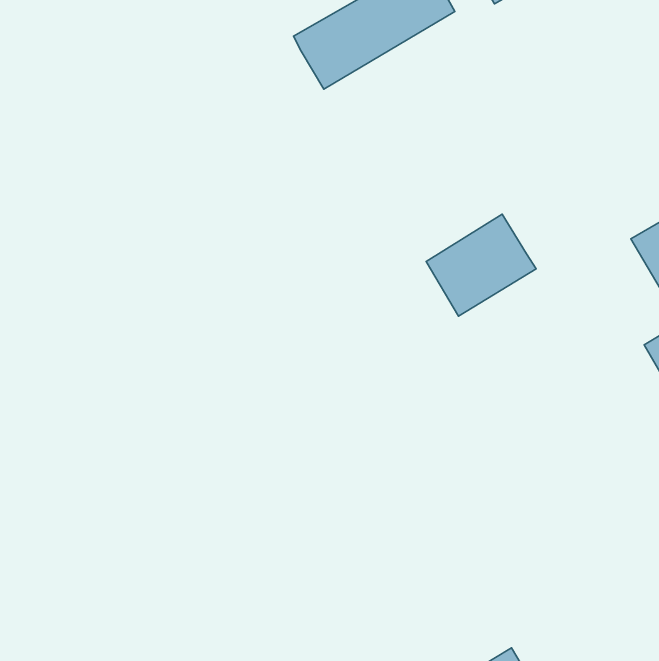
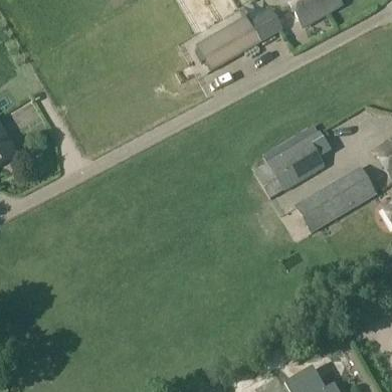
building: none -> [295,167,375,230]

